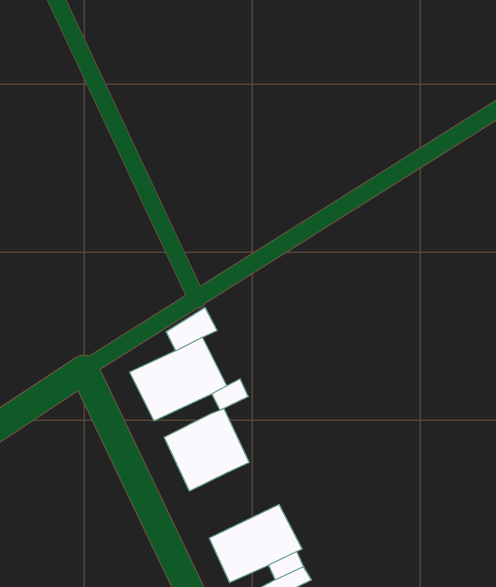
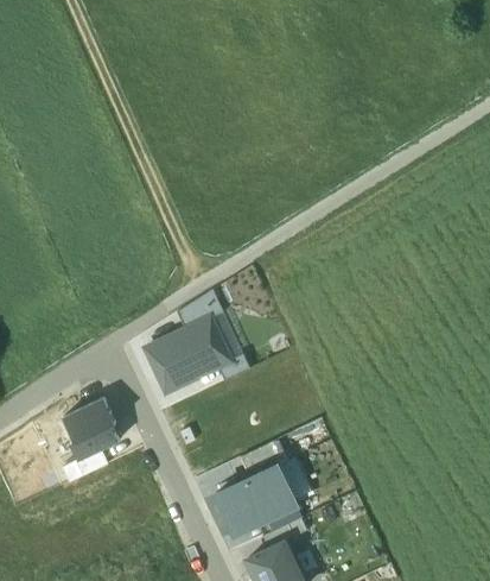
building: [164,408,249,491] -> none
building: none -> [63,398,120,459]

